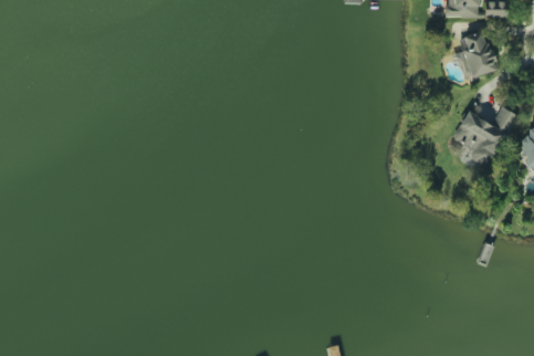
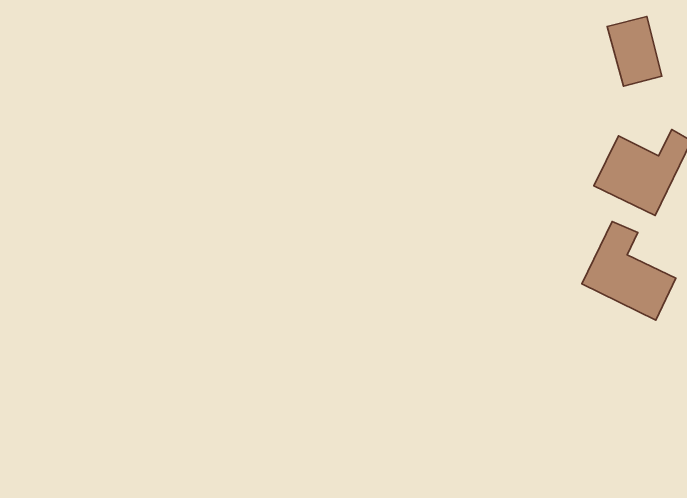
building: none -> [582,221,676,320]

